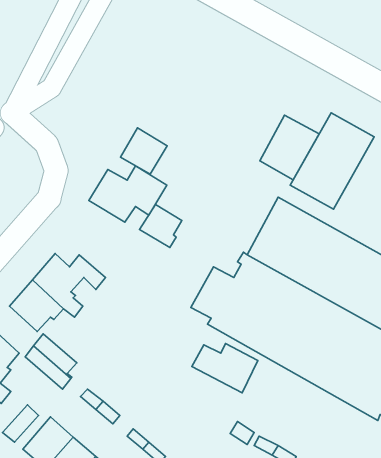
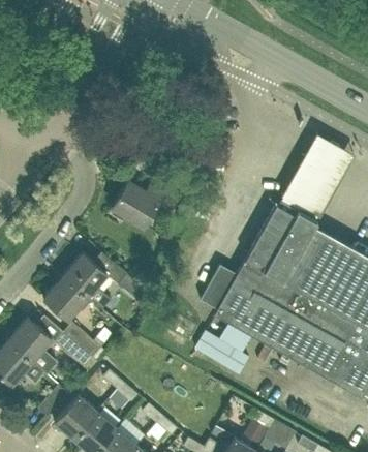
building: [260,115,319,180] -> none
building: [120,128,167,174] -> none
building: [140,205,182,247] -> none

